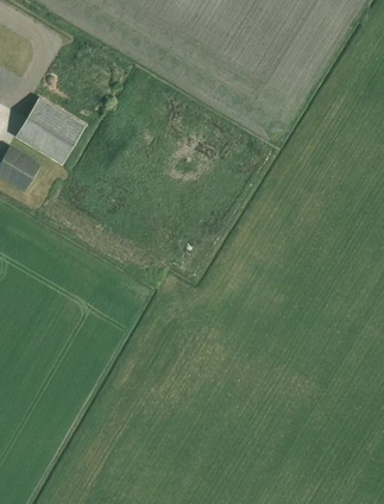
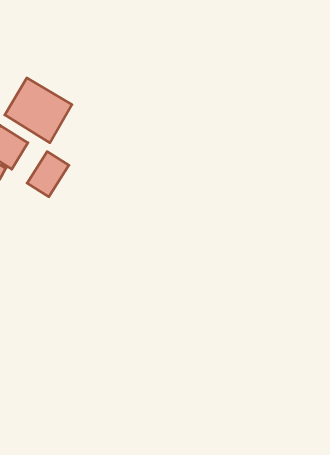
building: none -> [27,152,69,197]

